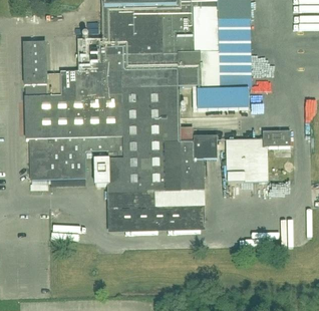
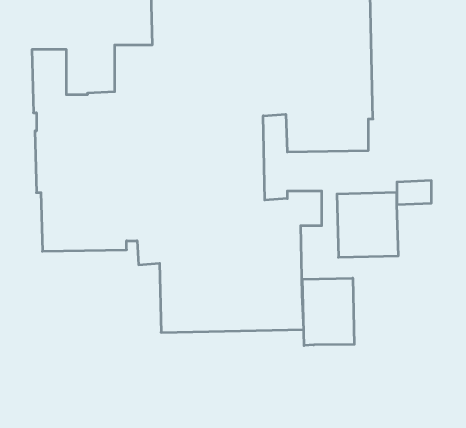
building: none -> [303,278,354,346]

